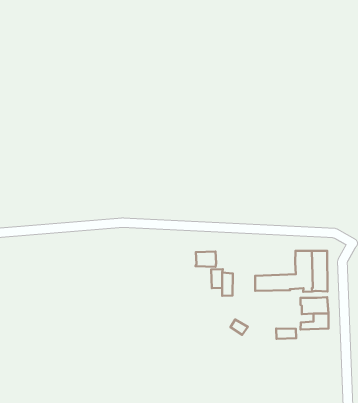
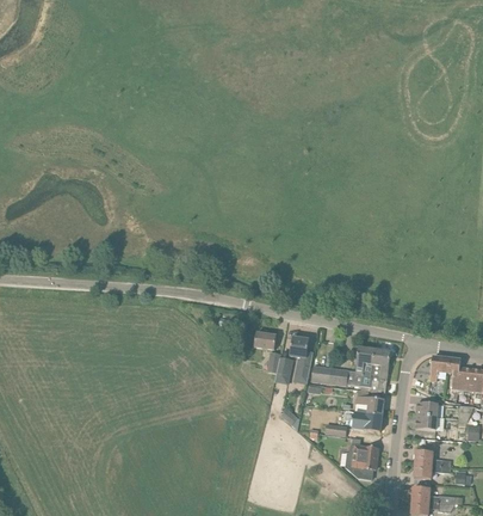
building: none -> [289,337,311,383]
building: none -> [343,444,377,480]

